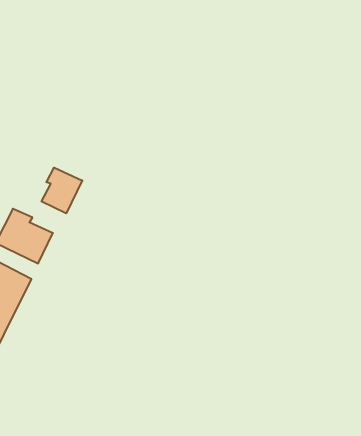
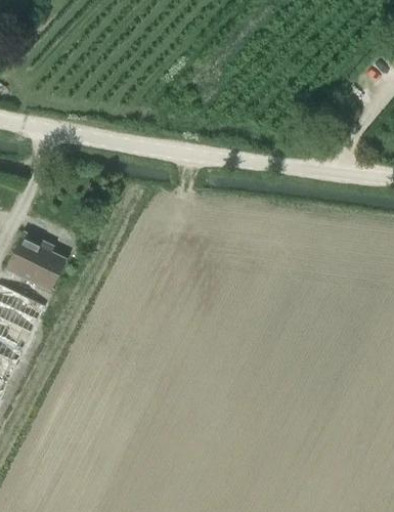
building: [42,168,82,213] -> none

